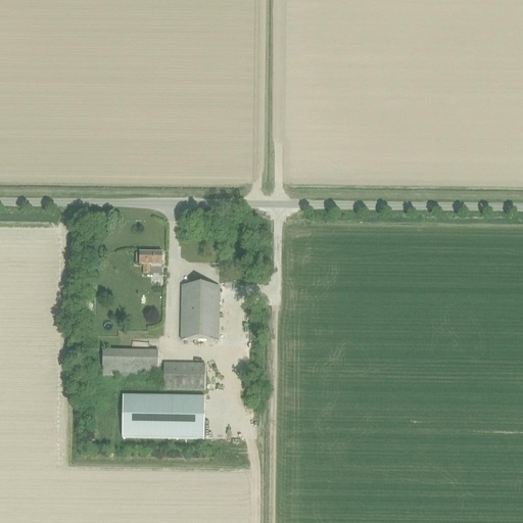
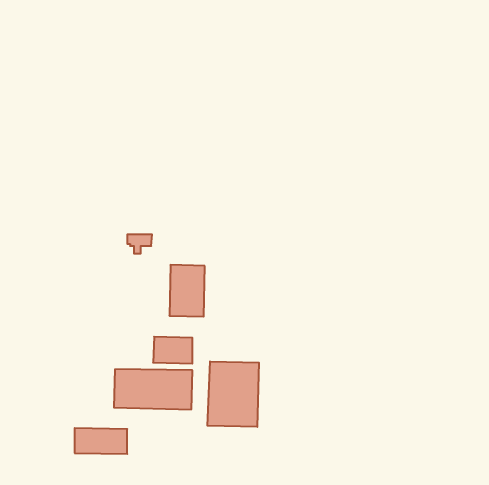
building: [102,347,158,375] -> [75,428,127,454]
building: none -> [207,361,259,427]

